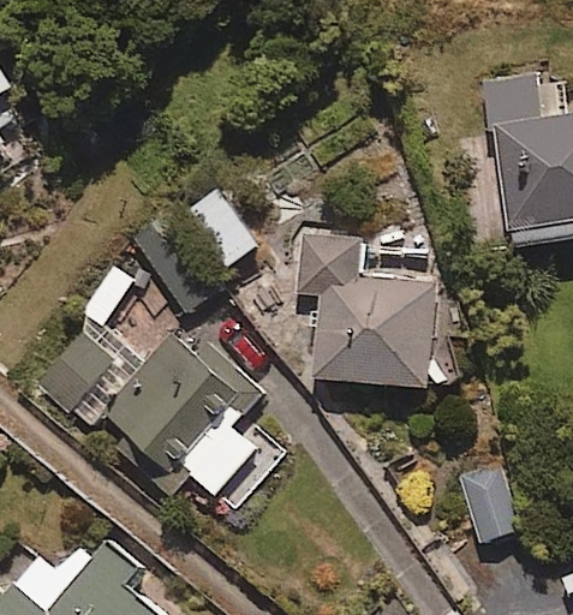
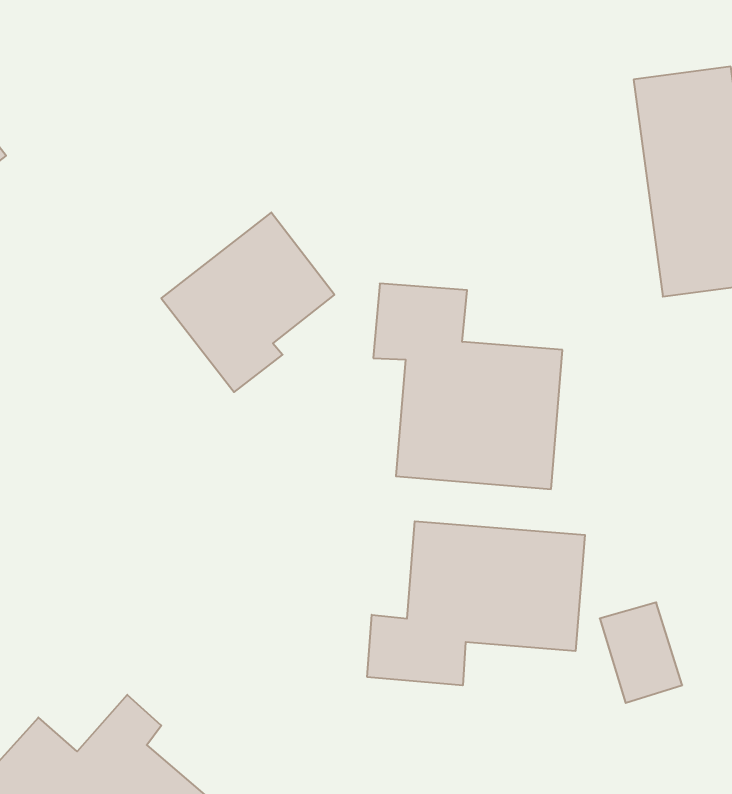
building: [44,312,281,507] -> none
building: none -> [367,521,585,685]

